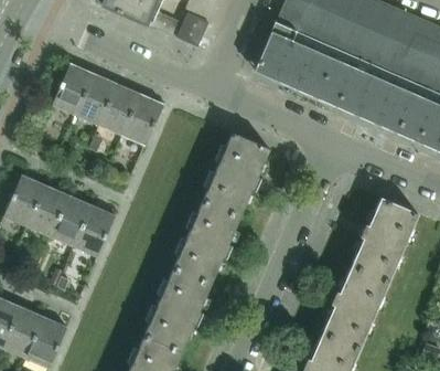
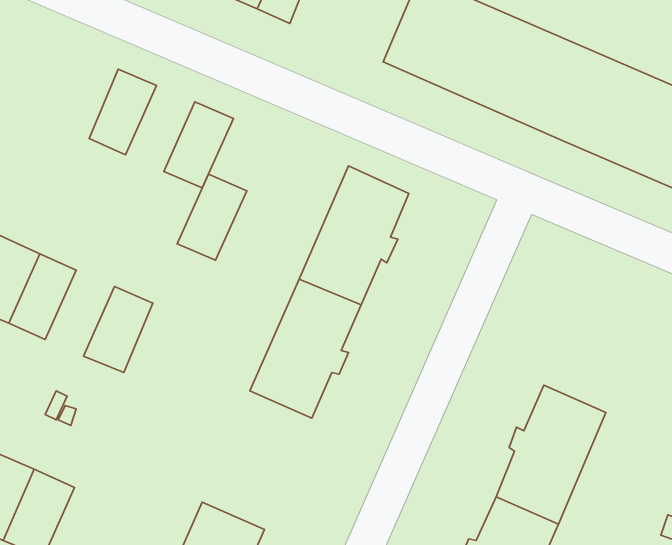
building: [52,63,94,116] -> none
building: [98,84,140,136] -> [177,174,247,260]
building: [50,195,92,247] -> none
building: [351,198,418,282] -> none
building: [144,268,211,352] -> none

